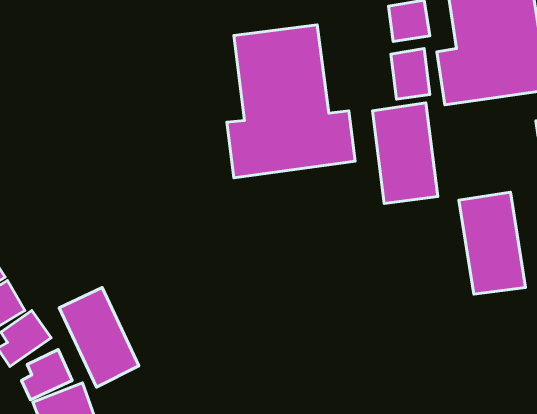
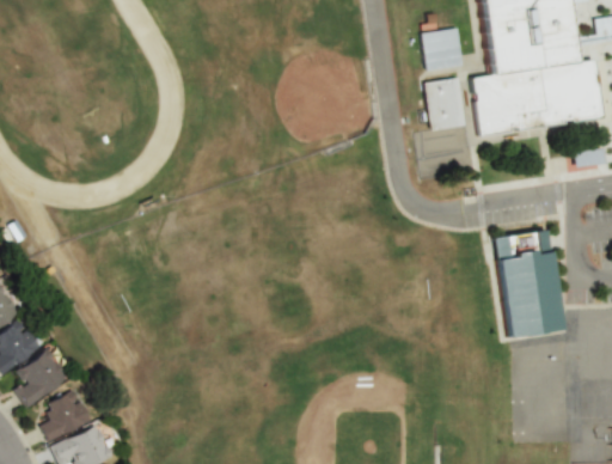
building: [227,25,355,178] -> none
building: [372,103,438,204] -> none
building: [59,287,139,387] -> none

